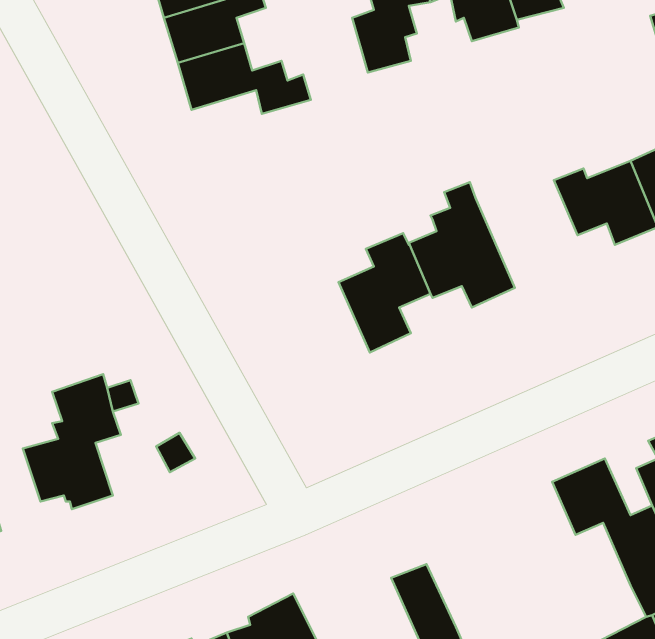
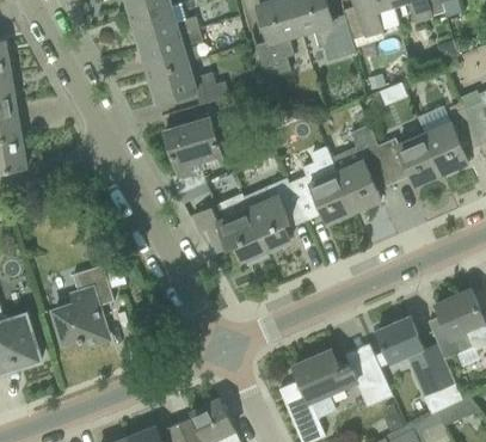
building: none -> [164,117,224,194]
building: none -> [330,125,392,211]
building: none -> [193,203,265,260]
building: none -> [294,349,392,418]

